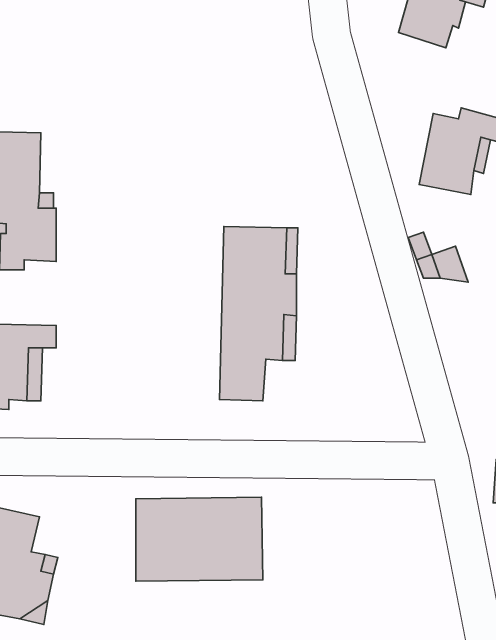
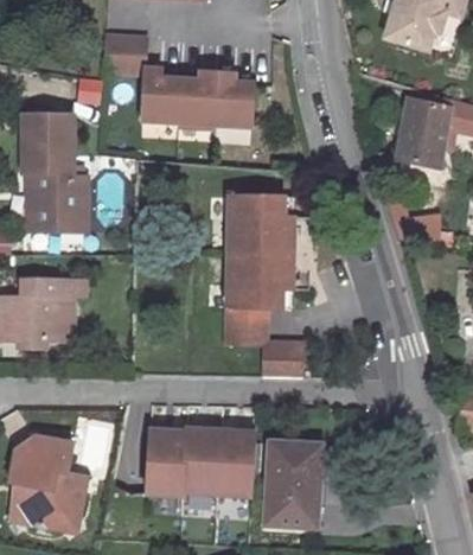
building: none -> [103,34,268,129]
building: none -> [262,343,302,377]
building: none -> [264,442,321,527]

